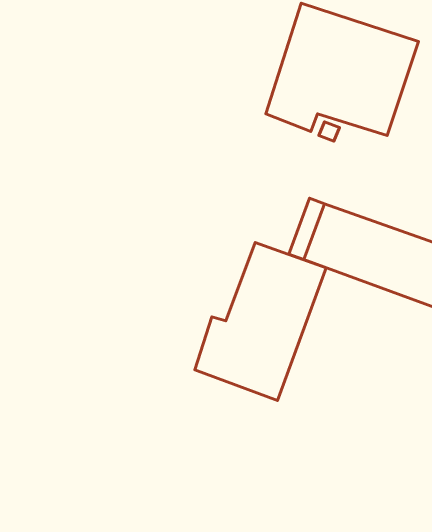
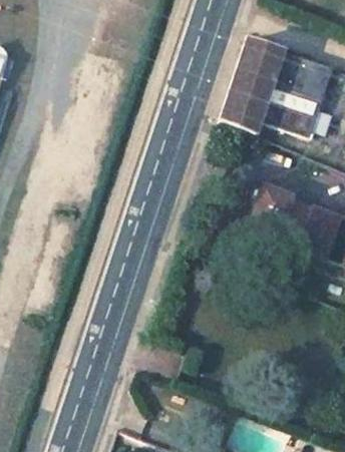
building: [195,243,326,400] -> none

